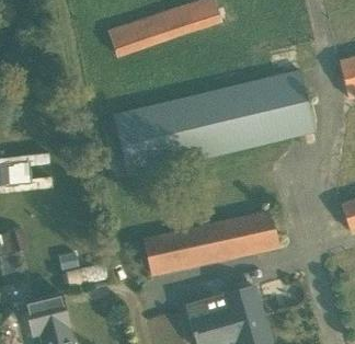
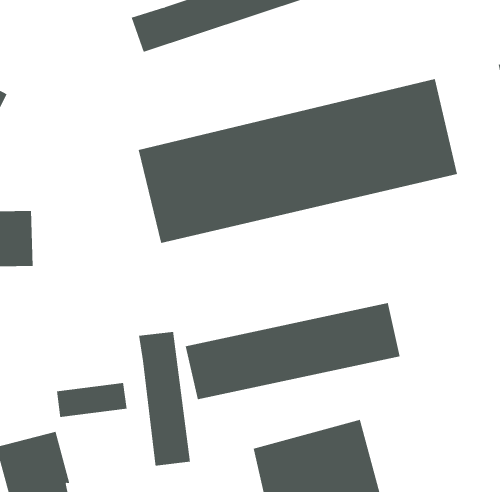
building: none -> [138,331,190,466]

